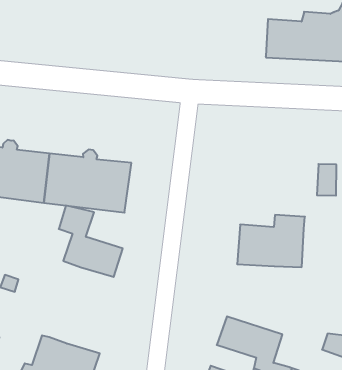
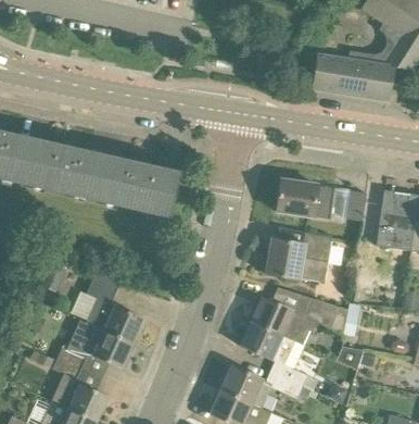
building: none -> [277,179,334,216]
building: [59,206,123,277] -> [87,273,143,342]
building: none -> [252,296,347,342]

